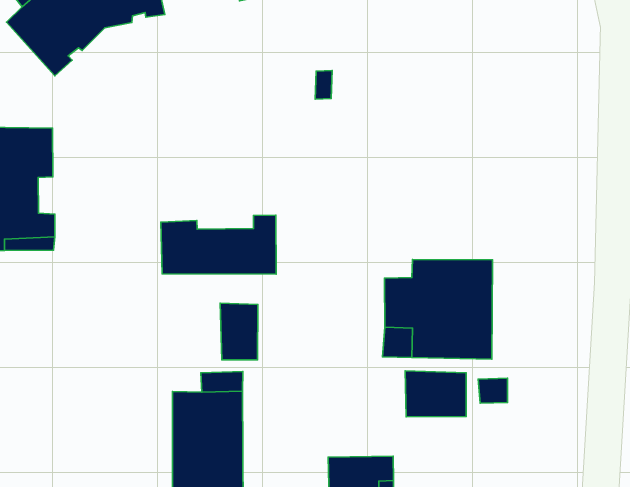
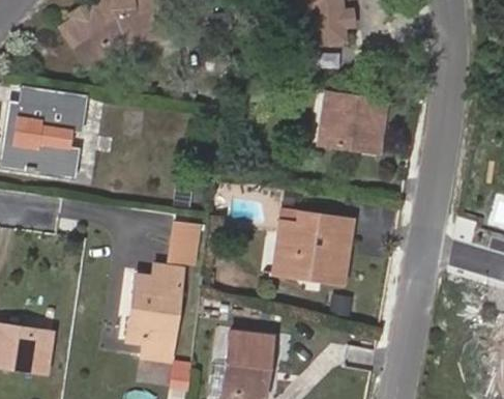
building: none -> [324,93,386,152]
building: [161,215,276,274] -> none
building: [405,371,466,417] -> none

